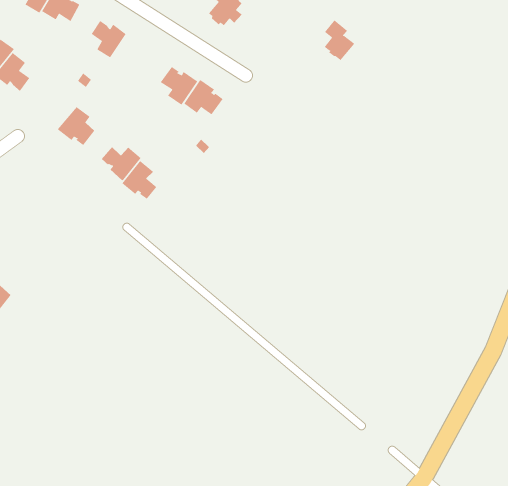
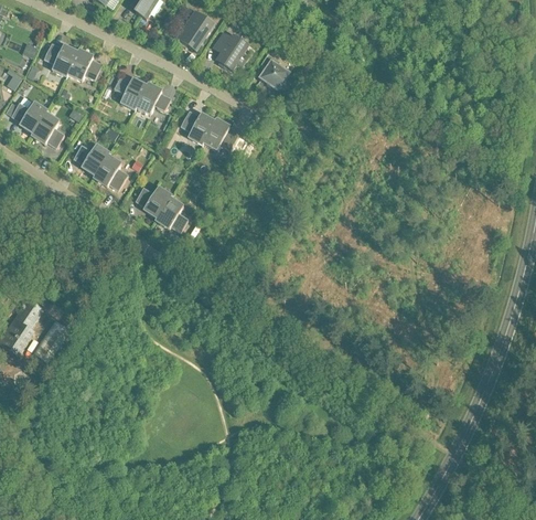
building: [324,19,355,61] -> [259,52,288,88]
building: none -> [133,83,171,114]
building: none -> [73,144,109,177]

